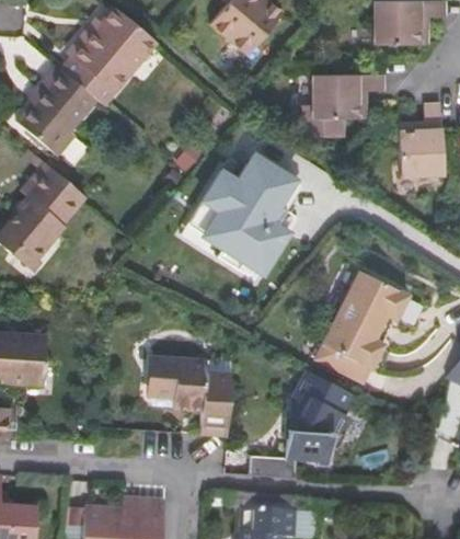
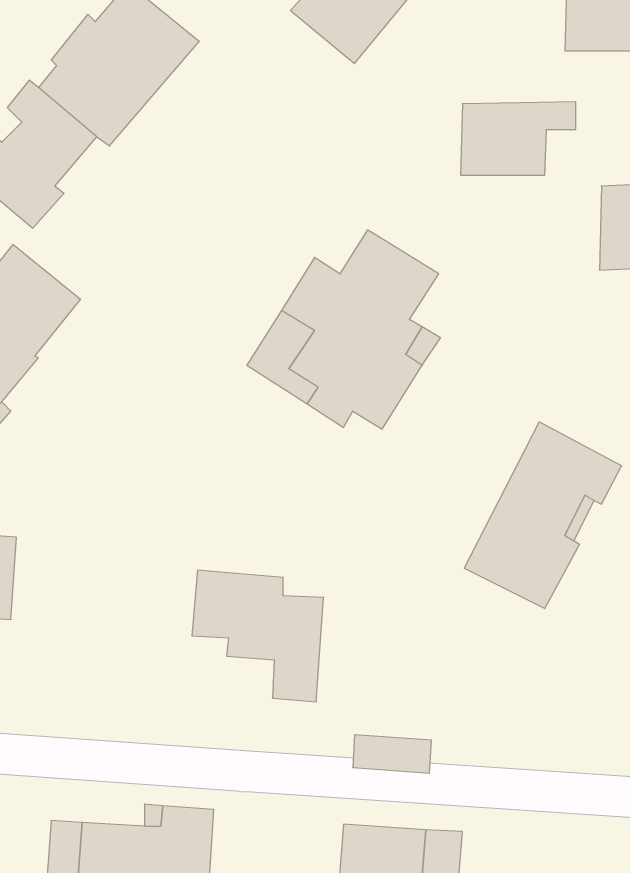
building: [285,368,353,466] -> none

